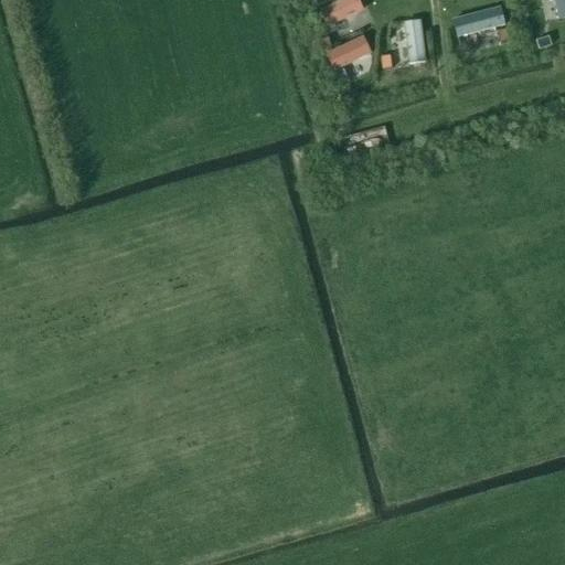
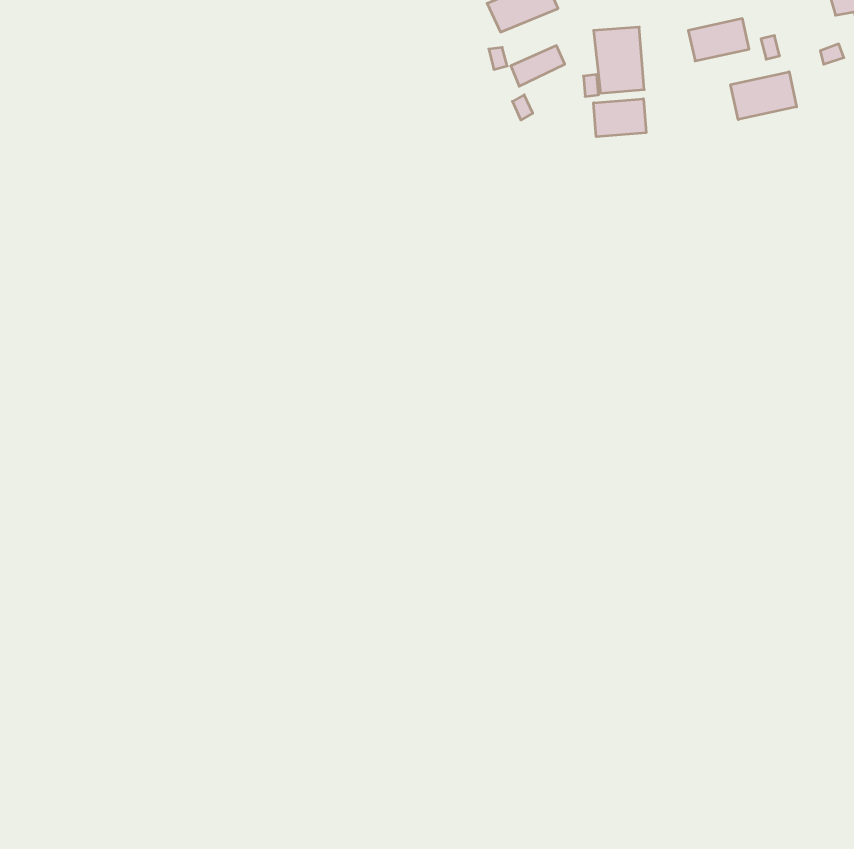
building: none -> [731,72,797,120]
building: none -> [594,99,646,137]

